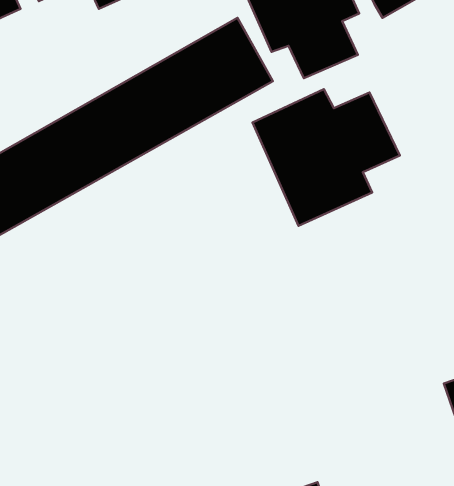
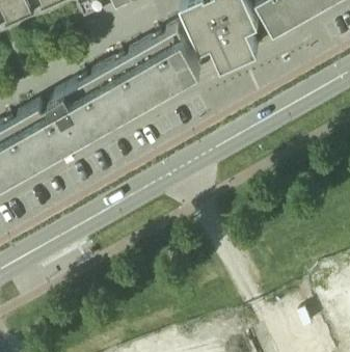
building: [253,89,400,226] -> none

